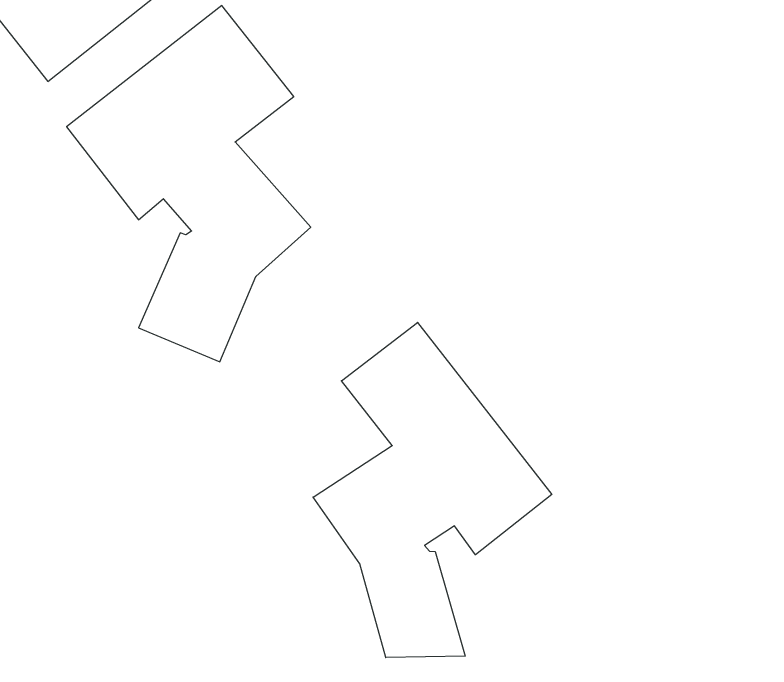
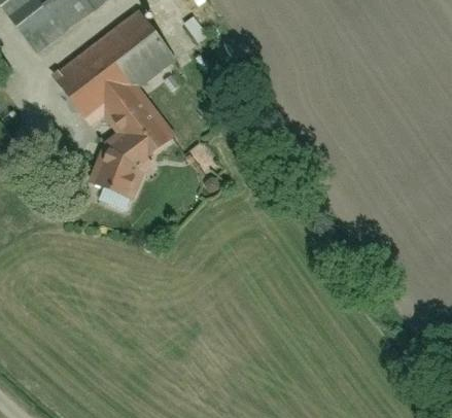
building: [313,322,552,658] -> none

